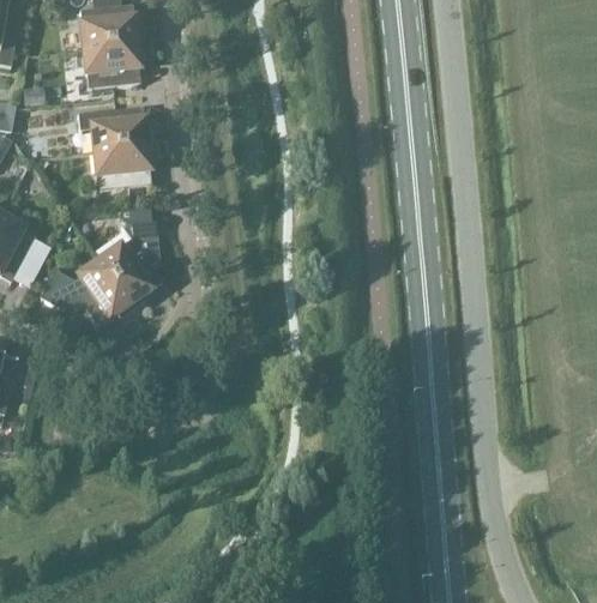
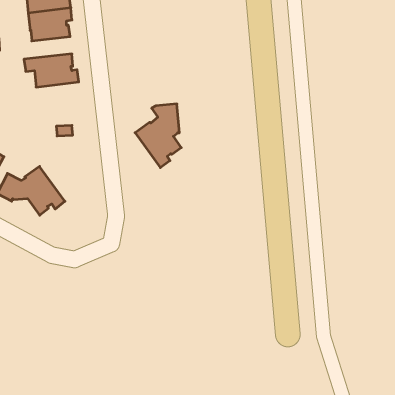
building: [94,143,153,188] -> none
building: [98,219,162,307] -> [135,104,181,168]

